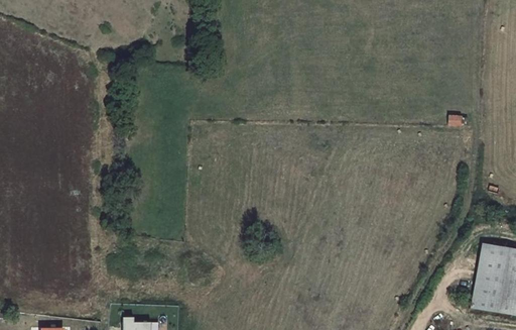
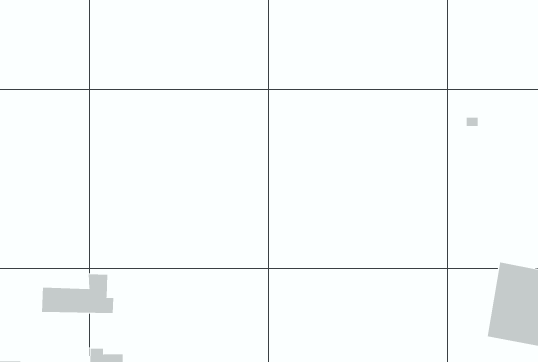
building: none -> [42,274,114,314]

